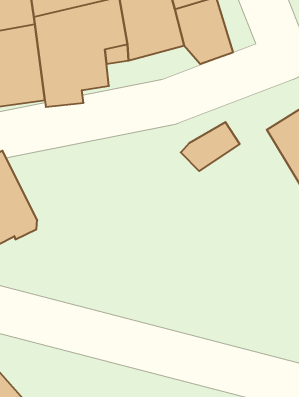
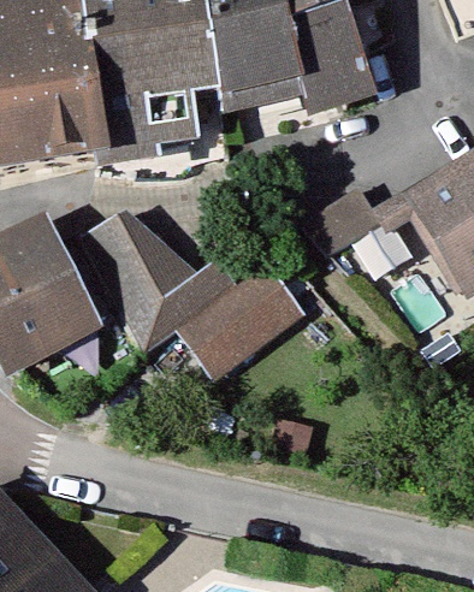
building: none -> [87,212,233,351]
building: none -> [184,270,298,372]

